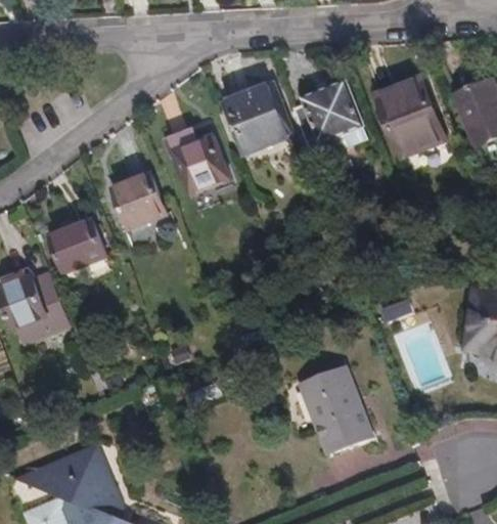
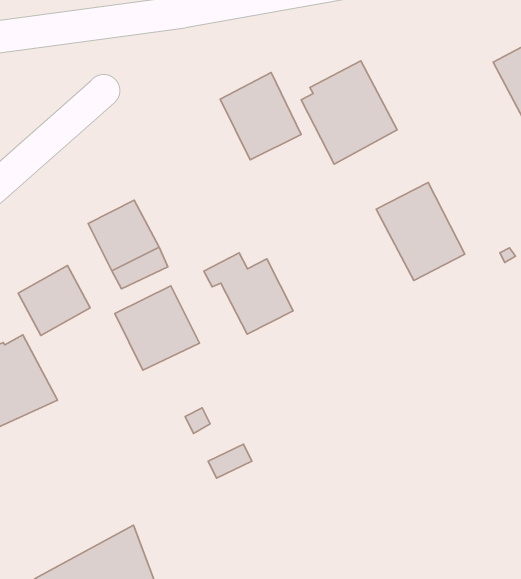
building: [376,79,443,156] -> [376,183,465,280]
building: [163,127,230,192] -> [204,253,293,334]
building: none -> [115,286,200,370]
building: [298,361,370,448] -> none

